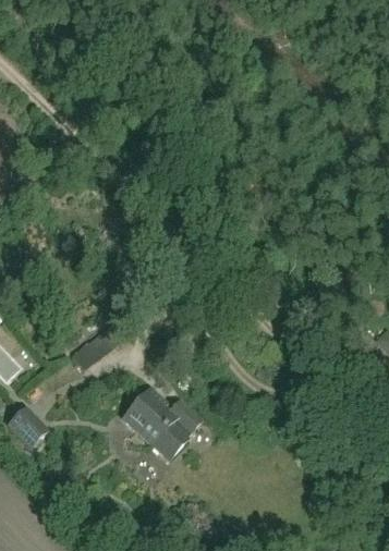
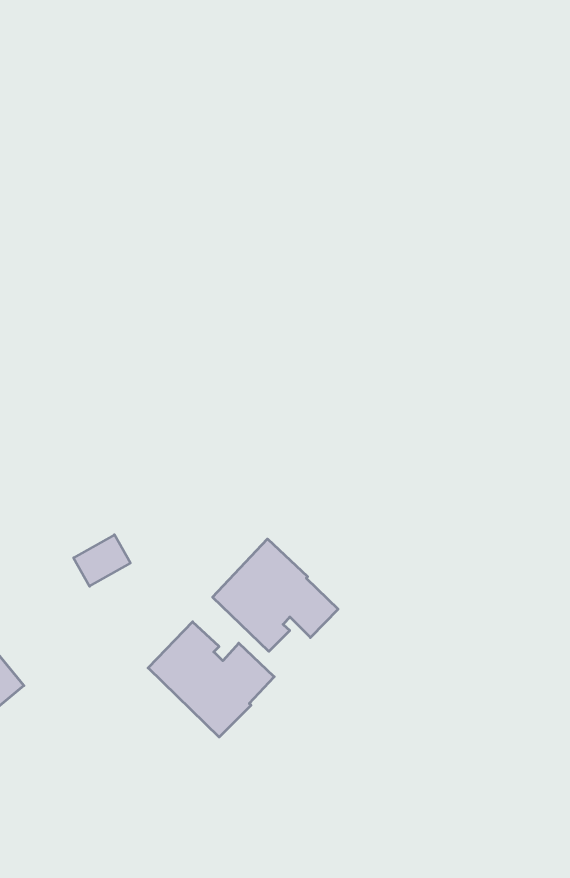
building: none -> [213,539,338,651]

